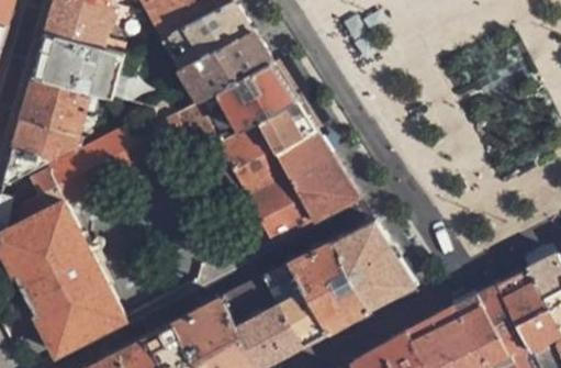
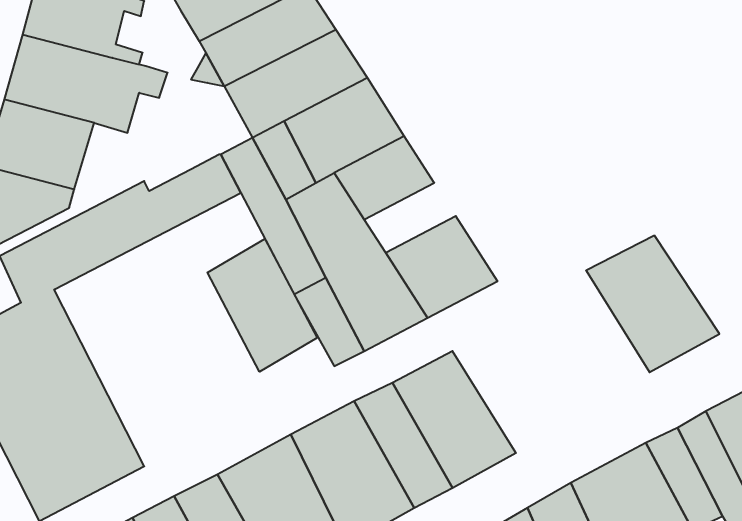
building: [270,133,330,179] -> none
building: none -> [207,239,317,372]
building: [328,221,416,311] -> [586,236,719,372]

